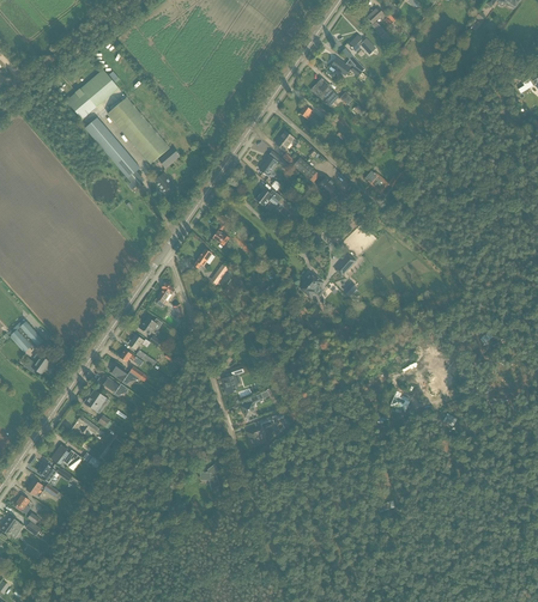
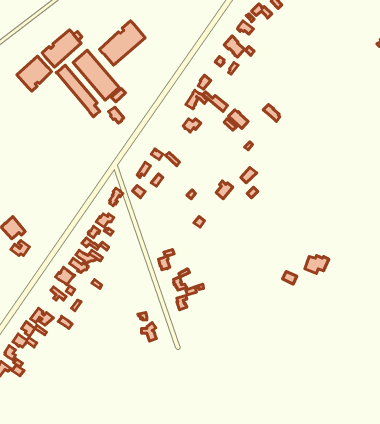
building: none -> [99,21,145,65]
building: none -> [17,56,52,91]

